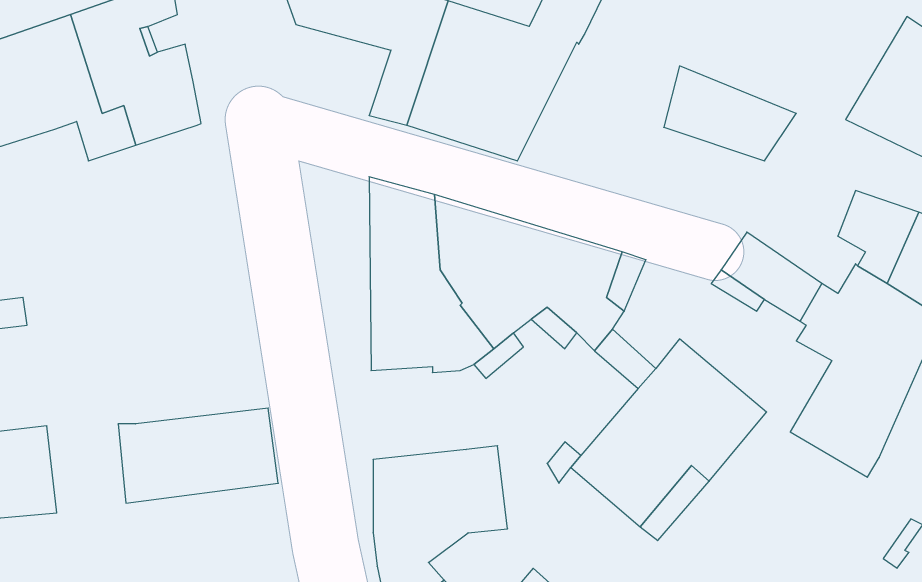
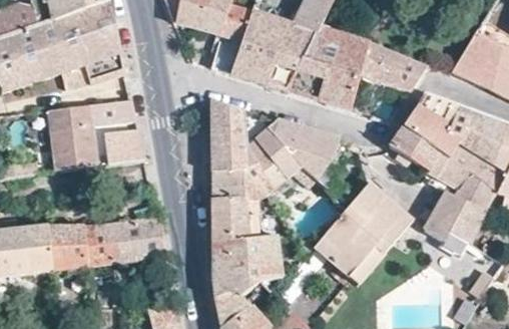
building: none -> [287,27,369,110]
building: none -> [403,94,463,158]
building: none -> [101,99,144,166]
building: none -> [48,104,98,172]
building: none -> [212,196,261,243]
building: none -> [48,225,88,270]

